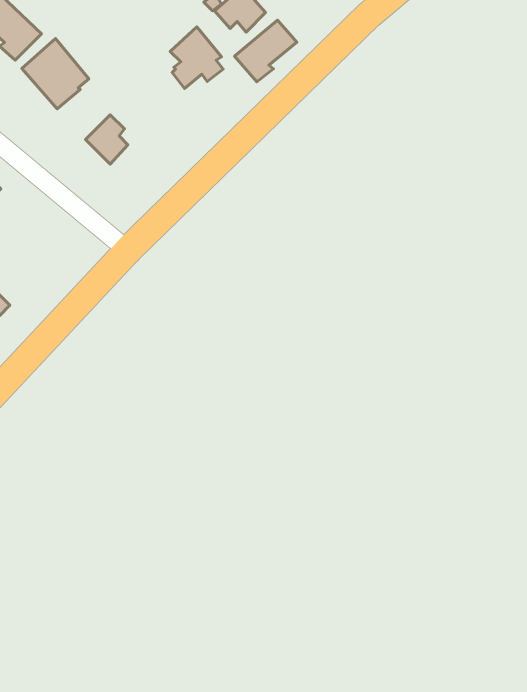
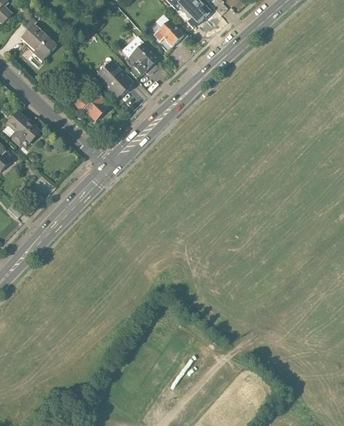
building: [234,20,297,82] -> none
building: [22,38,89,109] -> [96,58,134,98]

